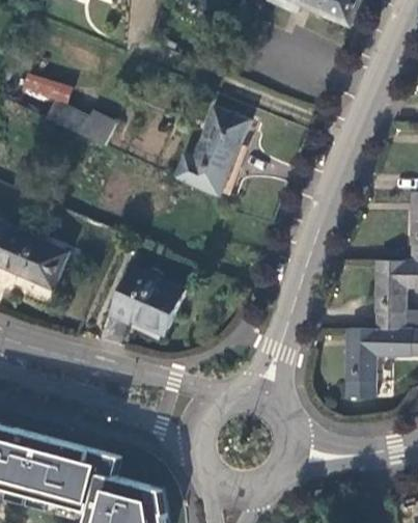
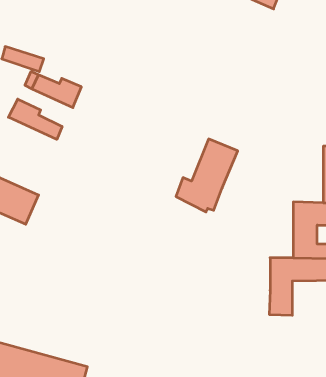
building: [176,108,251,196] -> [176,139,238,212]
building: none -> [8,99,62,139]
building: [110,268,182,343] -> none

